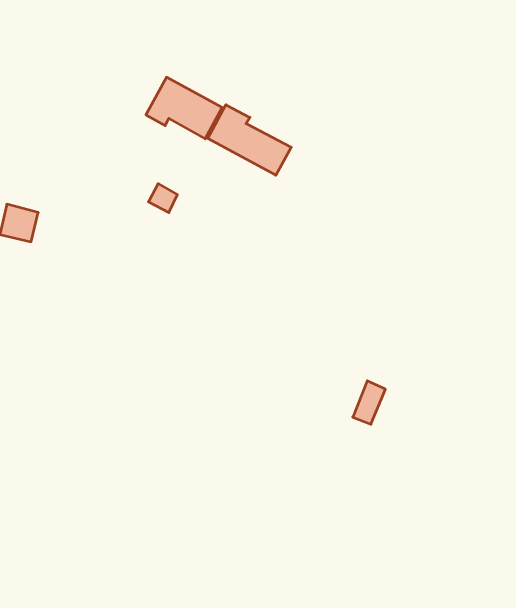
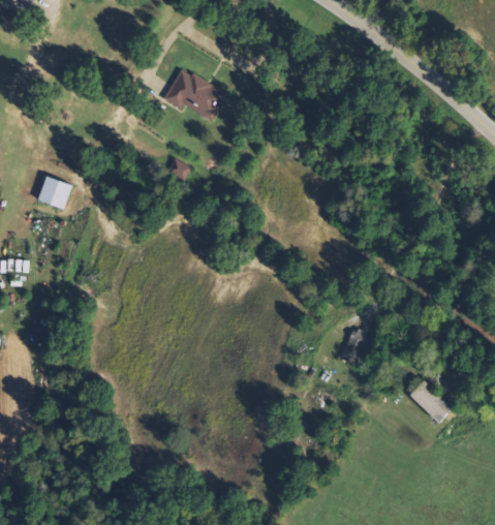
building: [208,105,291,175] -> none
building: none -> [410,380,454,424]

